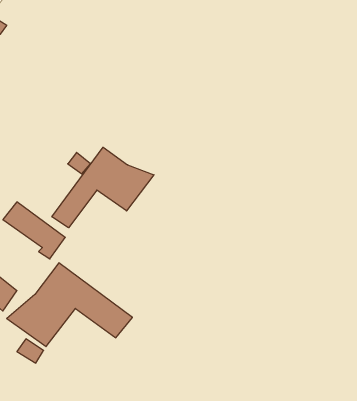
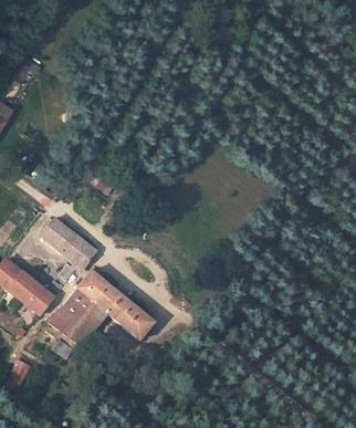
building: [52,147,154,228] -> none

